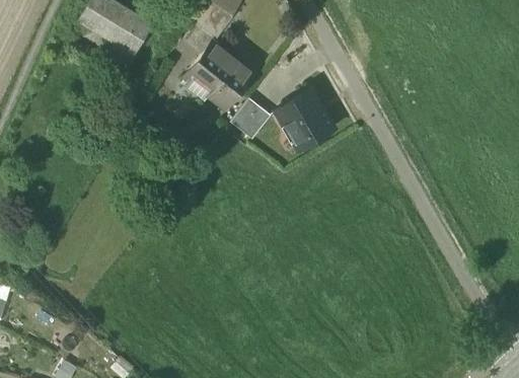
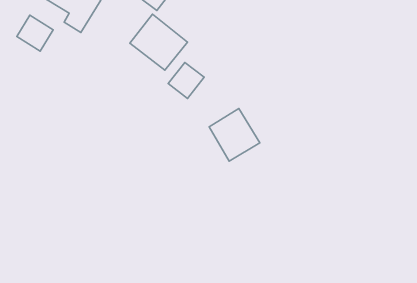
building: none -> [17,15,53,51]
building: [275,89,333,150] -> [209,109,260,161]

